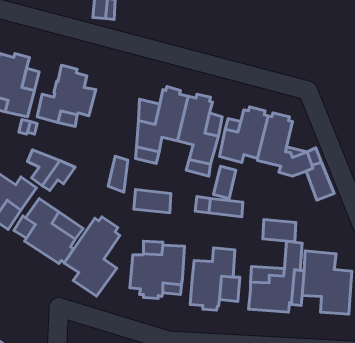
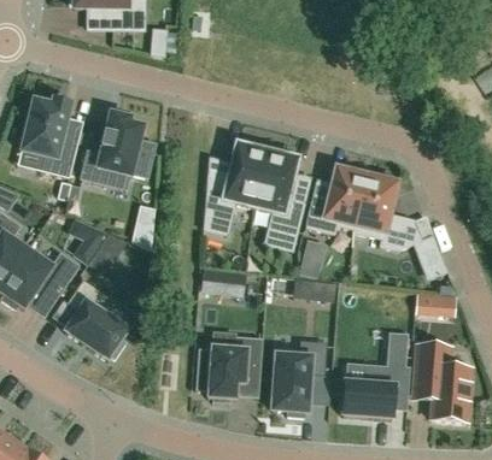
building: [108,156,128,192] -> [131,205,156,249]
building: [64,217,120,296] -> none
building: [263,220,296,242] -> [416,291,457,319]

